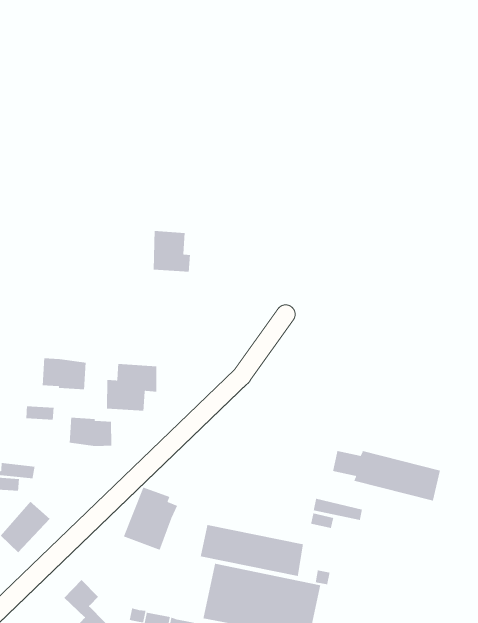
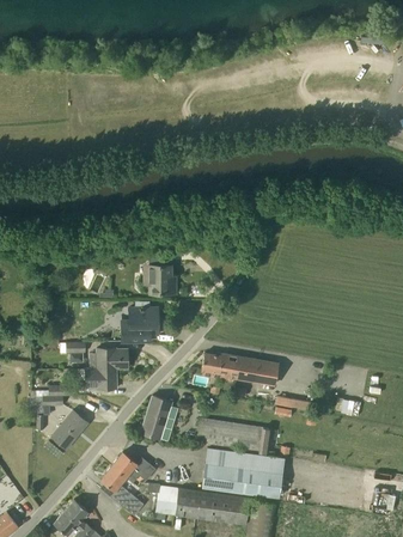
building: [153,230,191,273] -> [148,266,176,294]
building: [42,358,87,390] -> [85,368,116,390]
building: [332,450,441,502] -> [201,353,279,386]
building: none -> [112,453,155,483]

